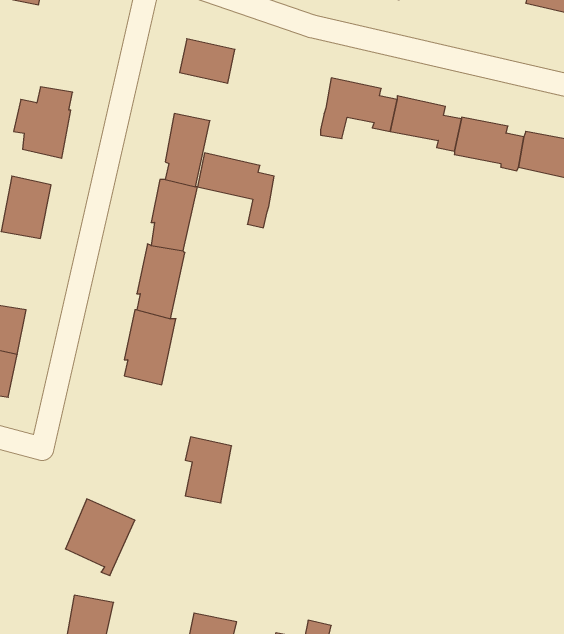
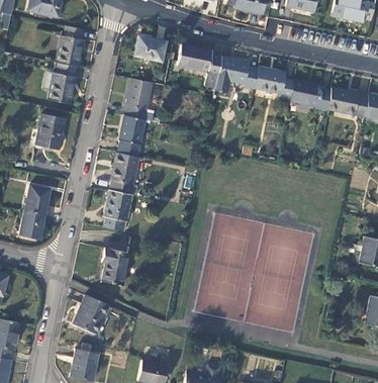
building: none -> [55,24,83,66]
building: [197,153,274,228] -> [179,43,222,86]
building: [185,437,232,503] -> [104,247,130,284]

